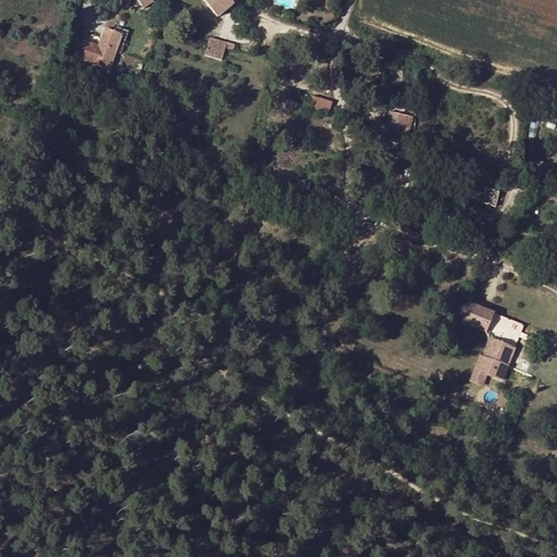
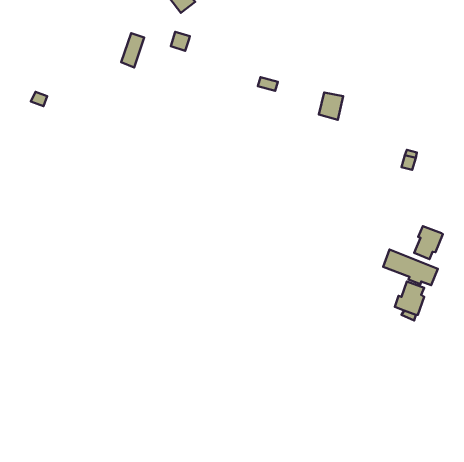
building: [94,26,121,67] -> [121,33,144,68]
building: none -> [414,226,443,259]

